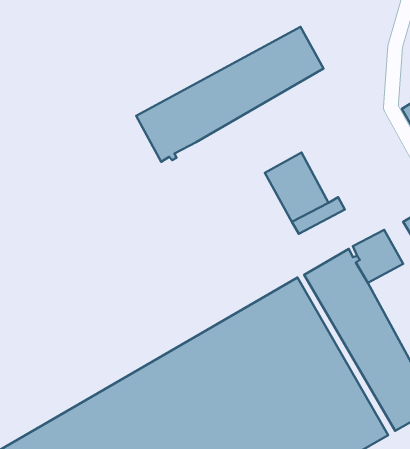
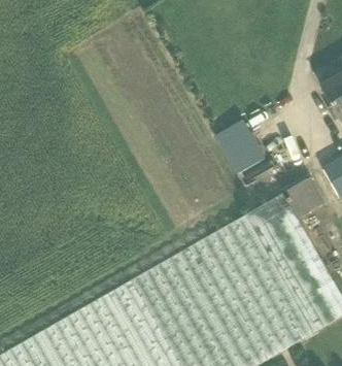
building: [136,27,323,162] -> none

